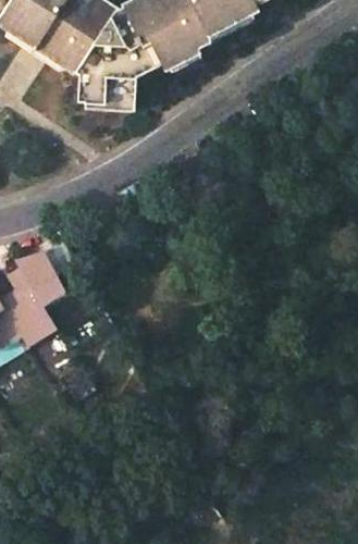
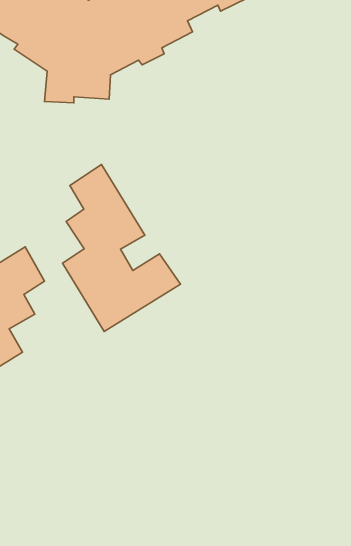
building: none -> [62,164,181,331]

